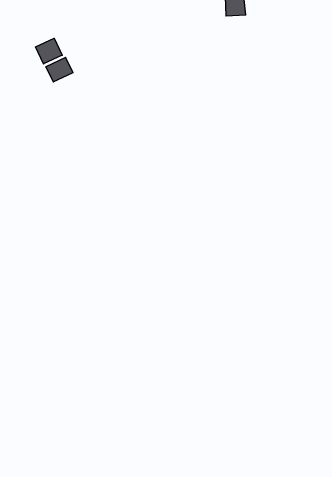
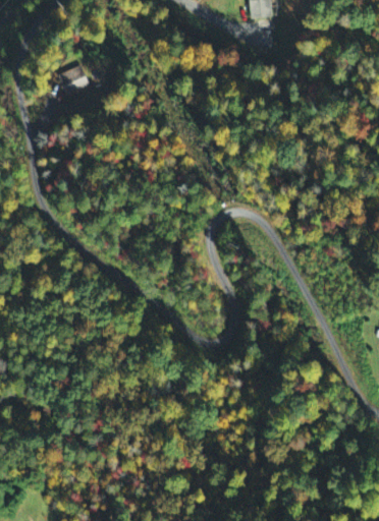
building: [35,38,62,64] -> none

